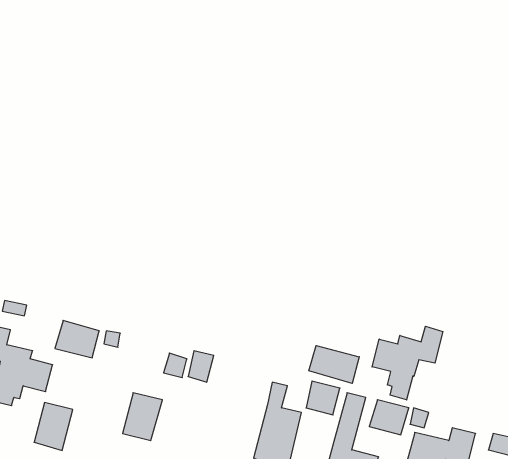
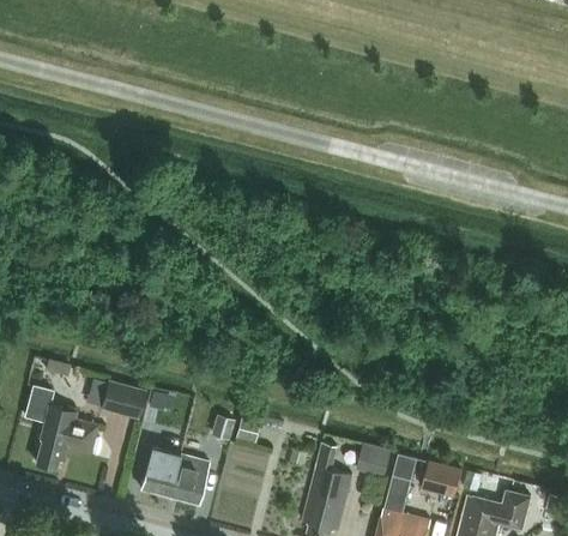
building: [372,326,443,400] -> none
building: [309,346,359,383] -> none
building: [34,403,73,450] -> [139,447,179,496]

